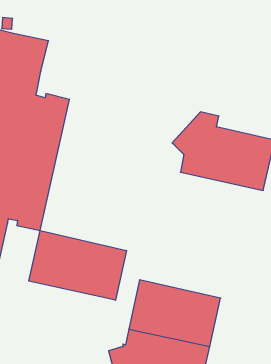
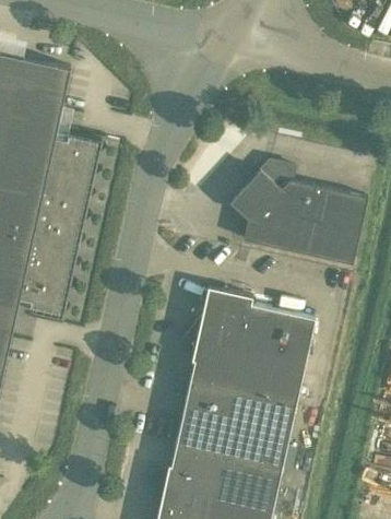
building: none -> [178,288,315,405]
building: [29,230,126,300] -> none

